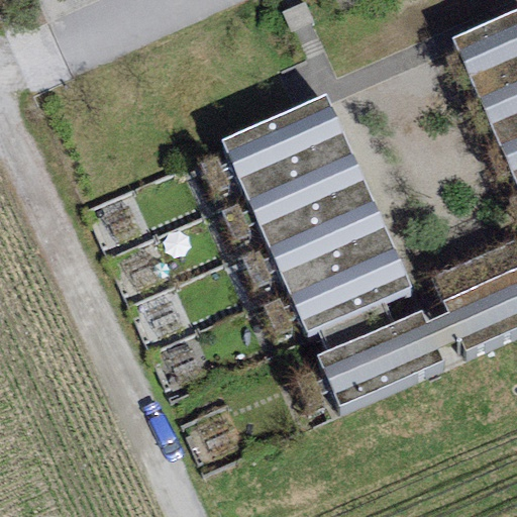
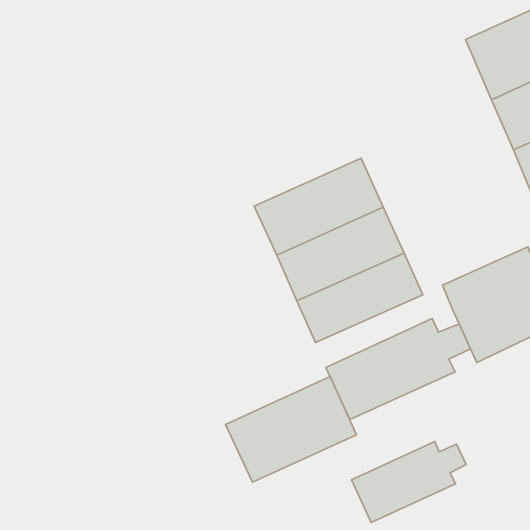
building: [222,96,352,200] -> none
building: none -> [226,376,356,482]
building: none -> [352,441,466,522]

